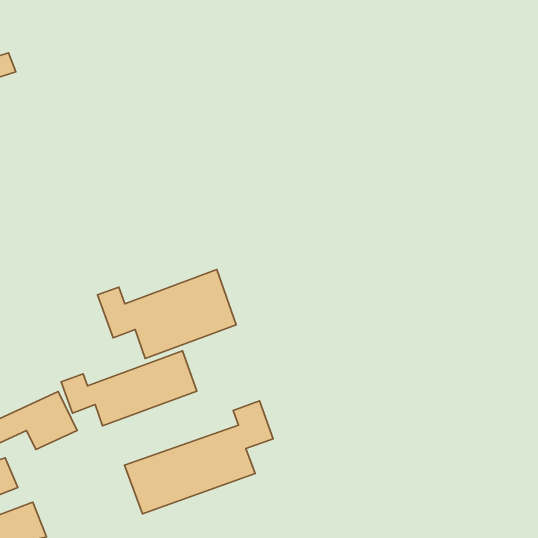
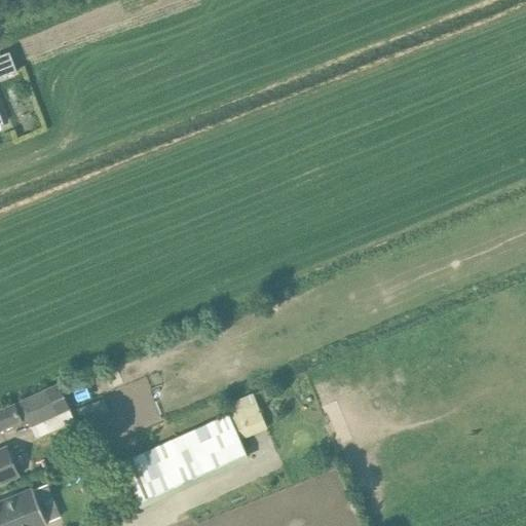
building: [98,270,236,358] -> none
building: [61,351,197,426] -> none

